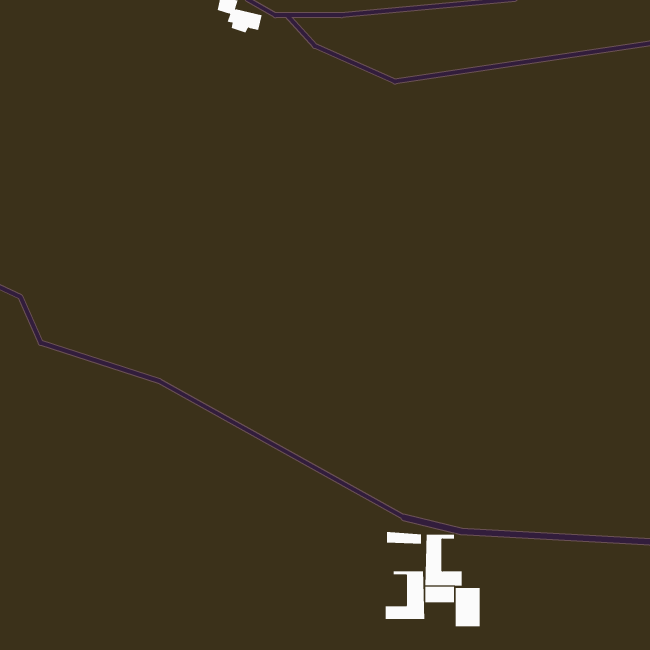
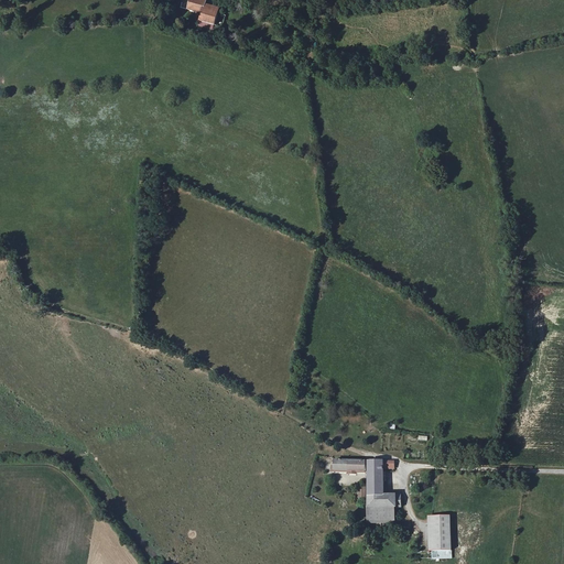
building: [385,570,425,620] -> none
building: [455,587,480,627] -> [427,513,449,547]

